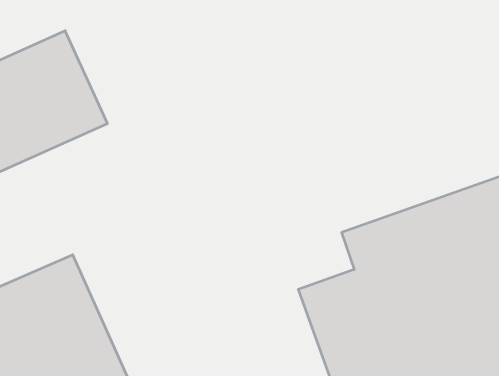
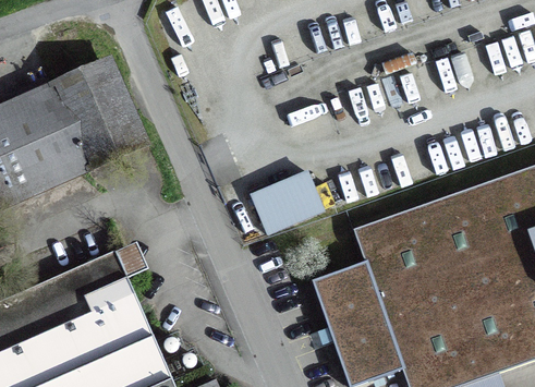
building: none -> [252,176,320,233]

